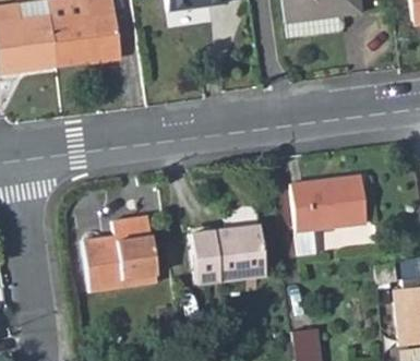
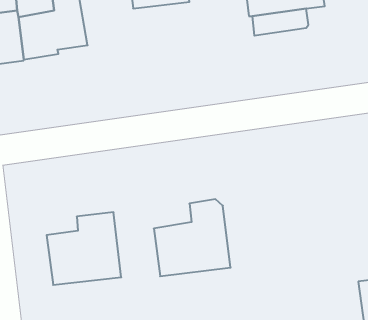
building: [291,172,369,229] -> none

